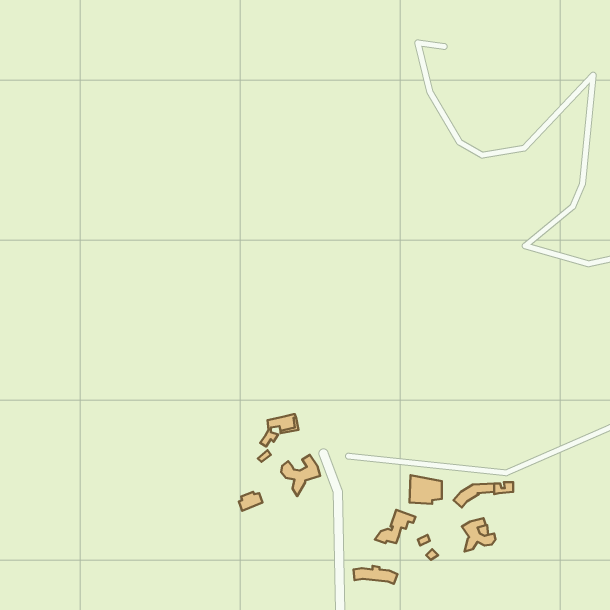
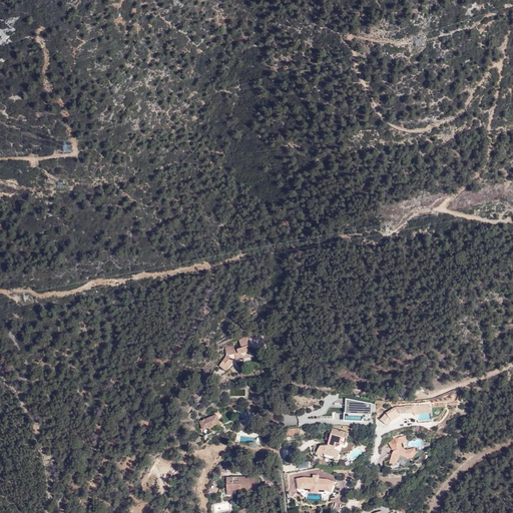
building: [281,455,320,496] -> none
building: none -> [226,476,258,491]

